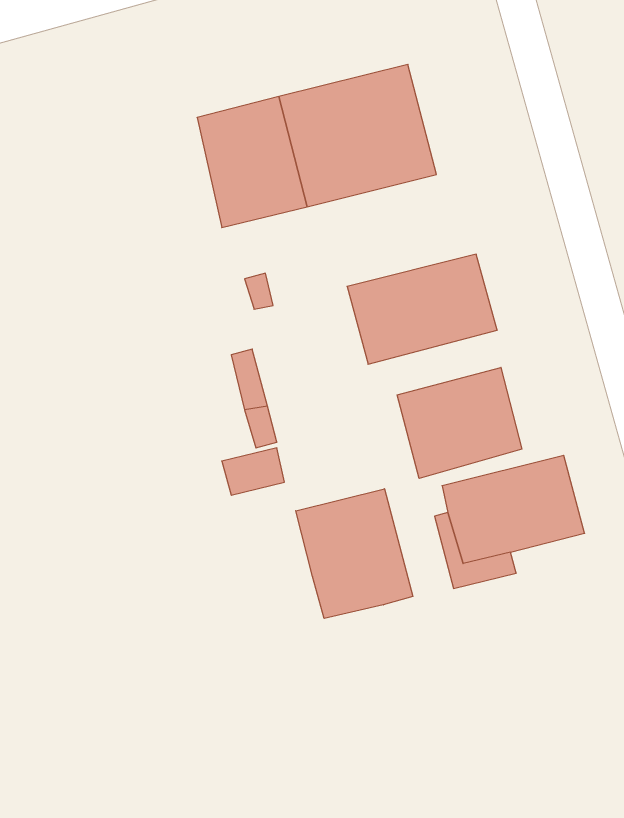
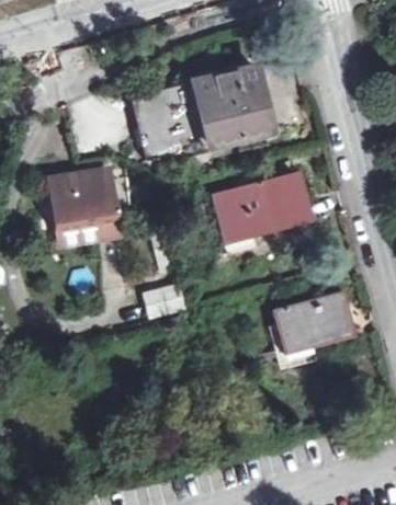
building: none -> [50,171,132,226]
building: [397,367,522,478] -> none
building: [296,489,413,618] -> none

